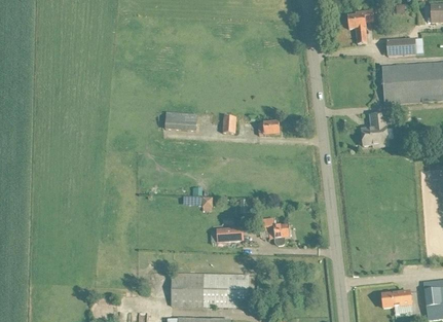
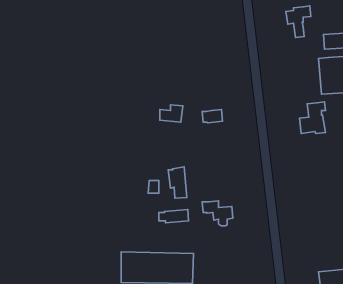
building: [165,110,196,130] -> none
building: none -> [168,167,187,198]

